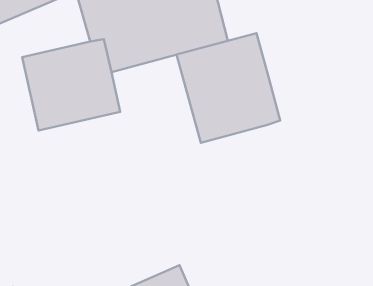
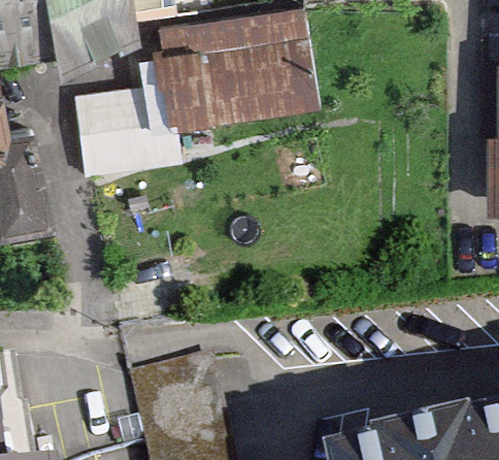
building: [177,33,280,143] -> none

